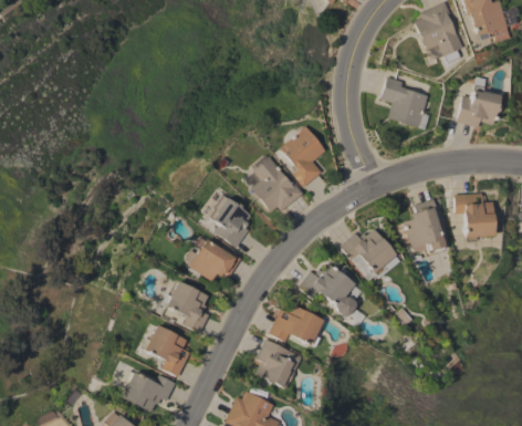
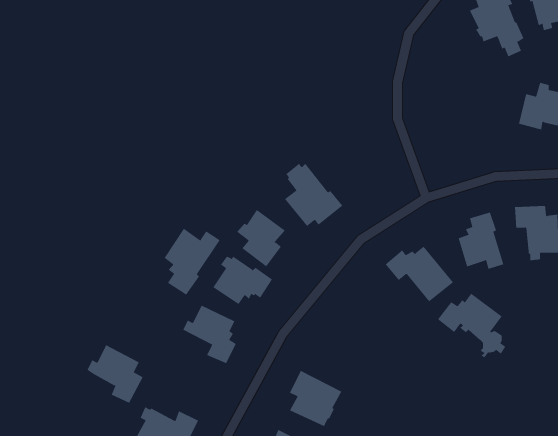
building: [380,76,428,127] -> none
building: [280,126,325,187] -> none
building: none -> [164,228,220,296]
building: [297,263,358,321] -> [437,293,506,358]
building: [268,304,323,346] -> none
building: [140,324,190,376] -> [87,345,143,404]

